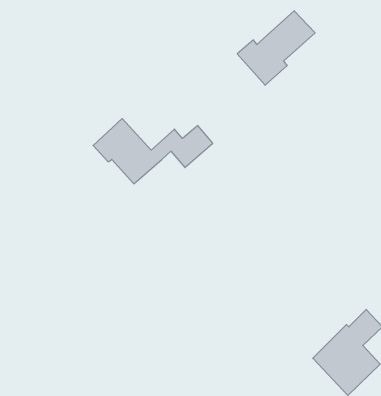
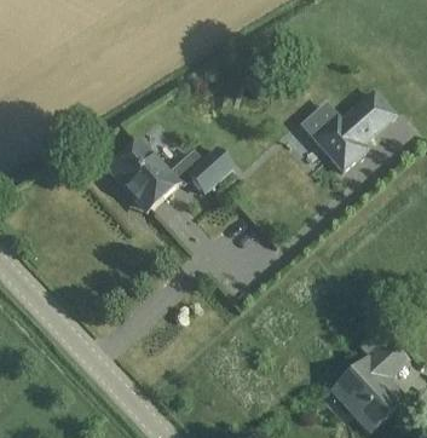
building: [237,11,315,85] -> [312,91,393,168]

